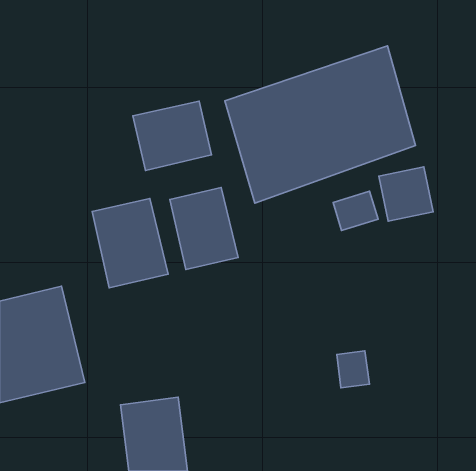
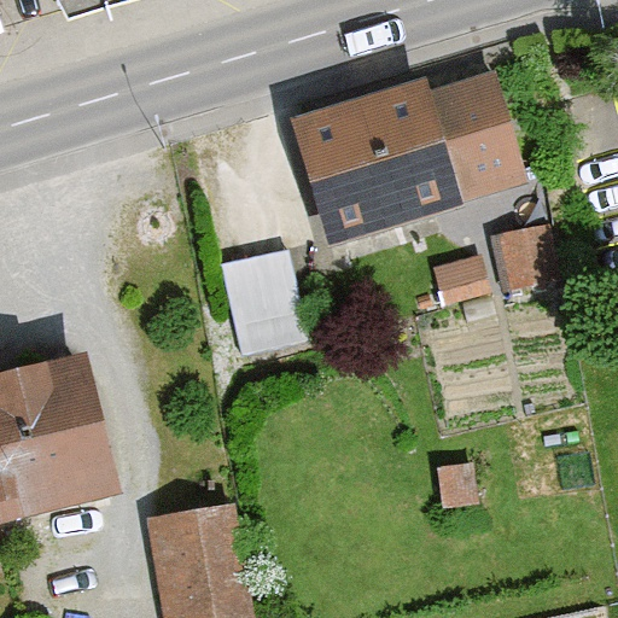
building: [133,101,211,171] -> none
building: [92,198,168,288] -> none

